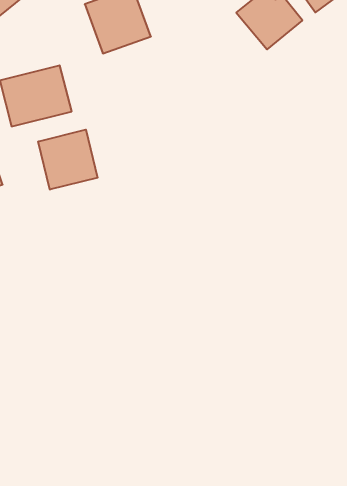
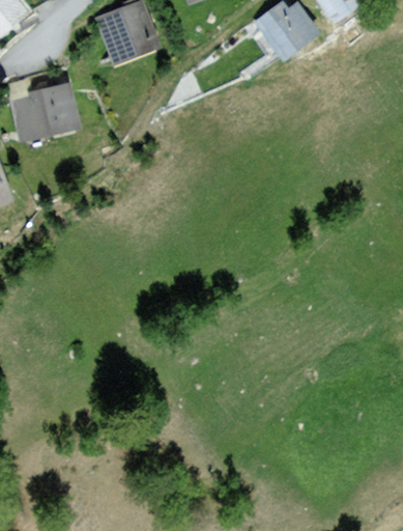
building: [38,130,98,190] -> none

